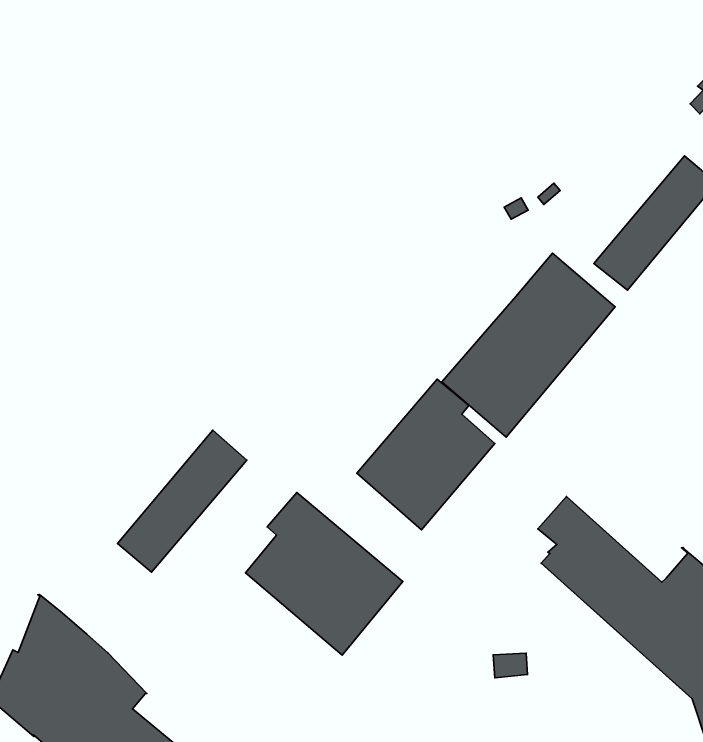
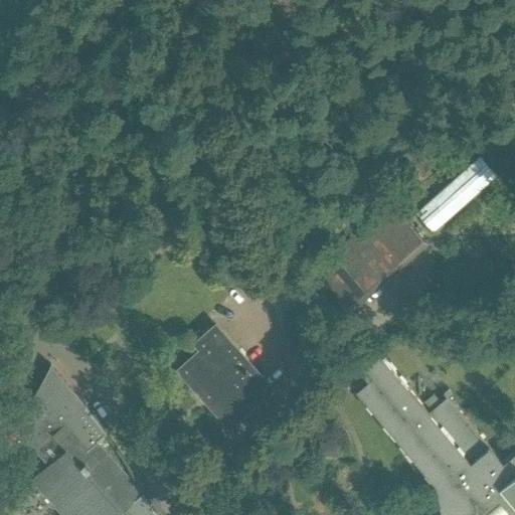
building: [357,379,495,530] -> none
building: [118,430,247,572] -> none

